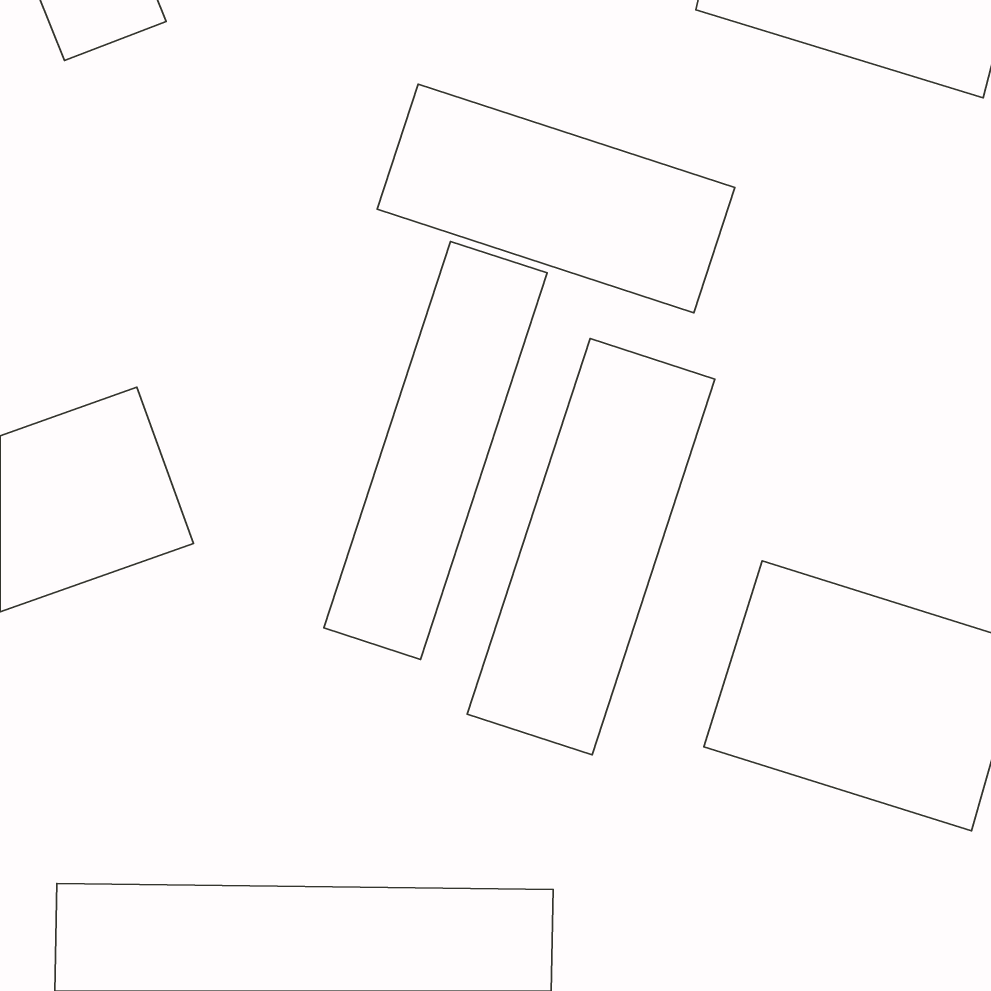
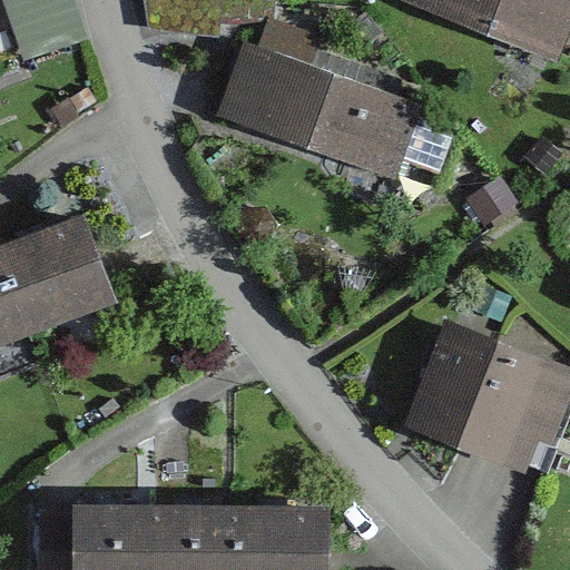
building: [324,241,547,659] -> none
building: [467,339,715,755] -> none

